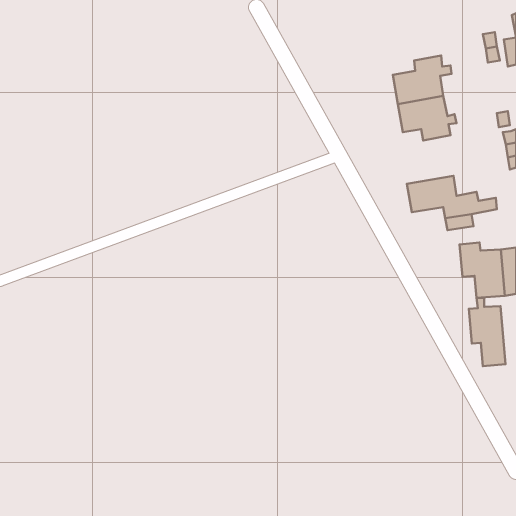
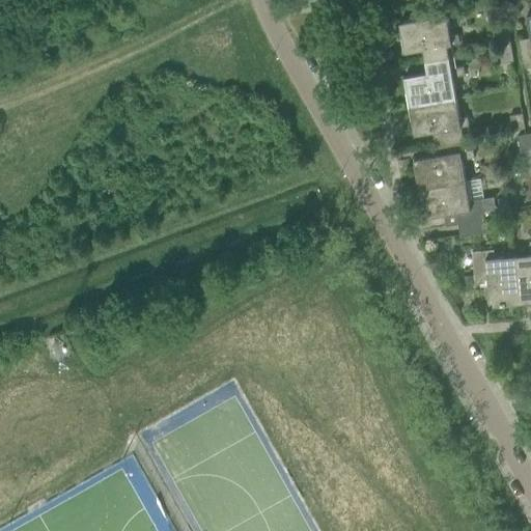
building: none -> [399,16,458,62]
building: none -> [413,139,474,189]
building: [469,298,506,366] -> none

